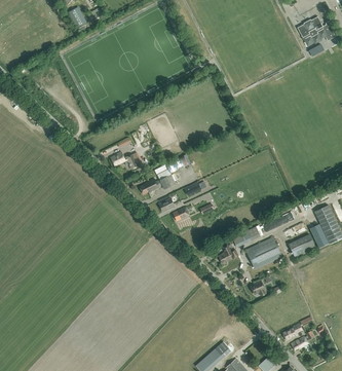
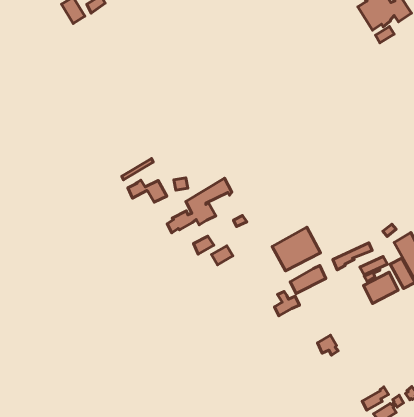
building: [245,236,282,269] -> [272,227,320,271]

